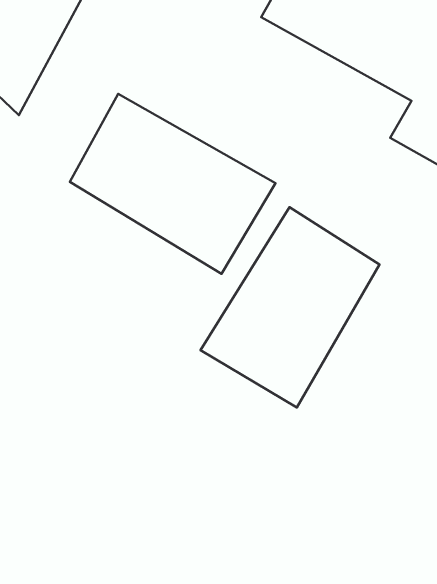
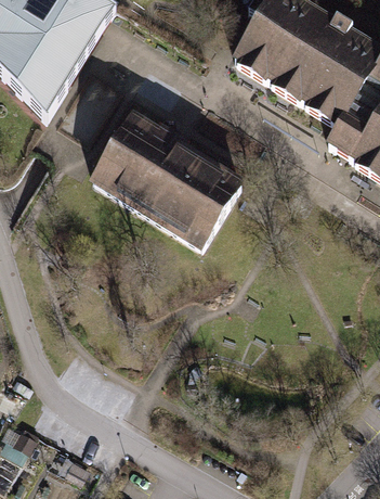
building: [200,207,380,407] -> none

